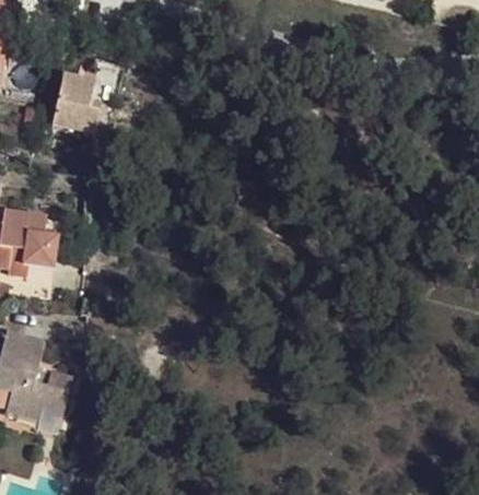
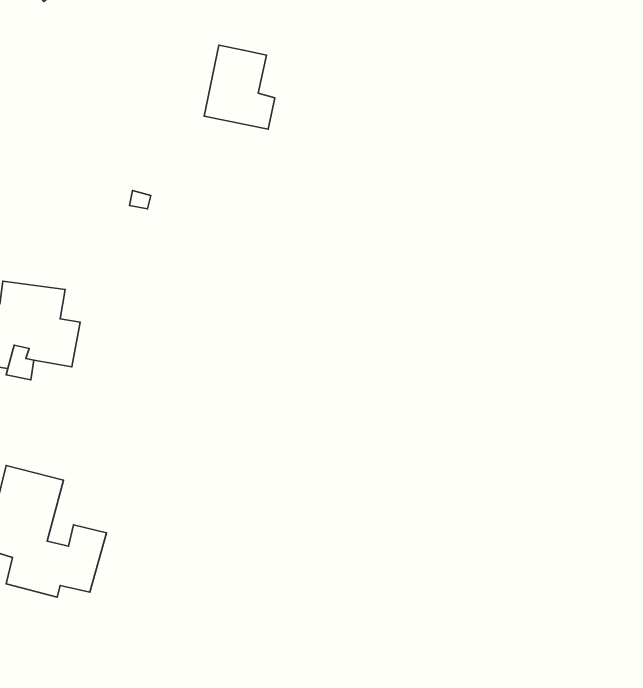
building: [52,76,100,132] -> [204,45,275,129]

